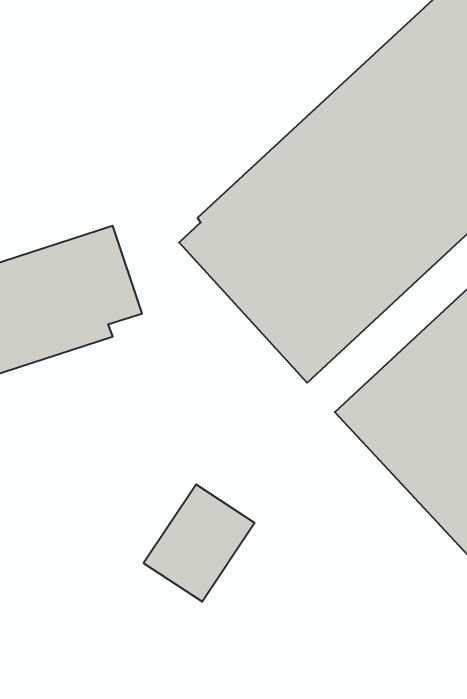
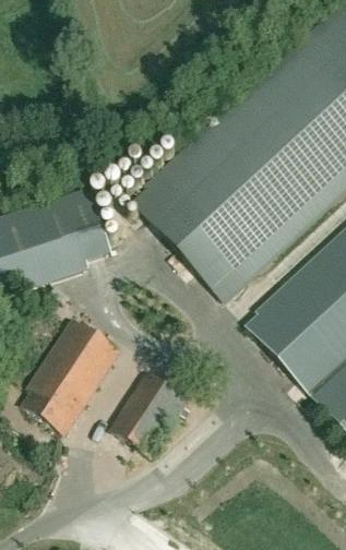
building: none -> [22,319,119,433]

